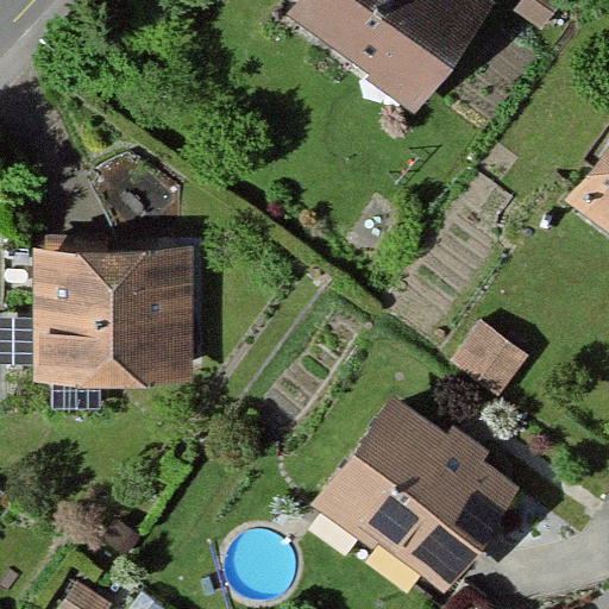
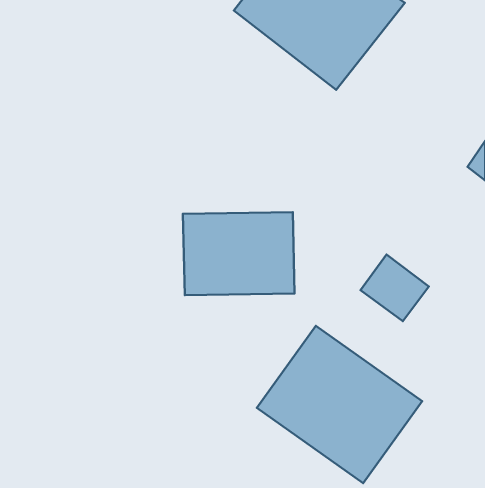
building: [32,245,194,383] -> none
building: none -> [183,212,295,295]

